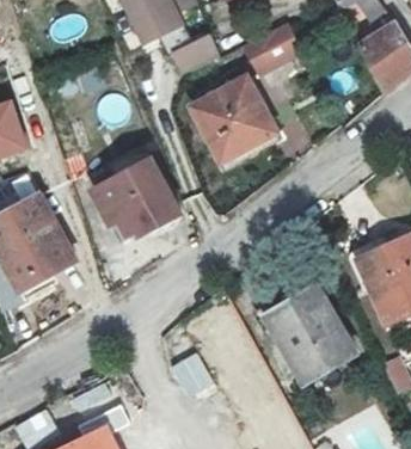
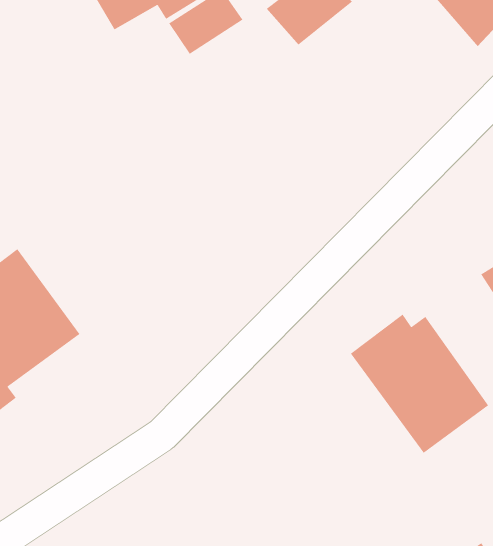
building: [182,84,268,168] -> none
building: [94,159,182,238] -> none

